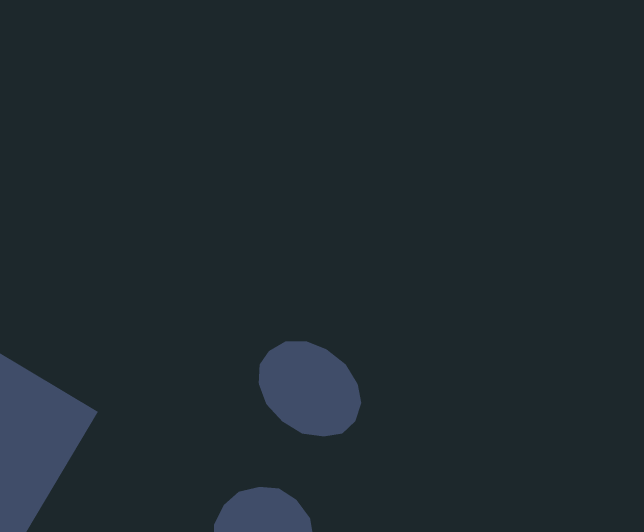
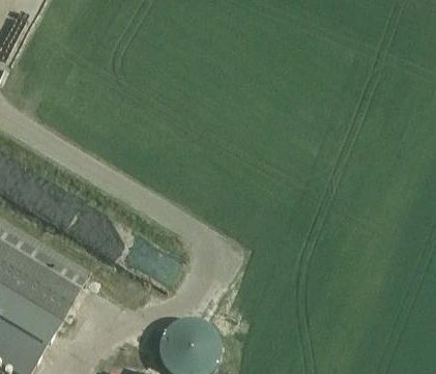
building: [258,341,362,437] -> none

